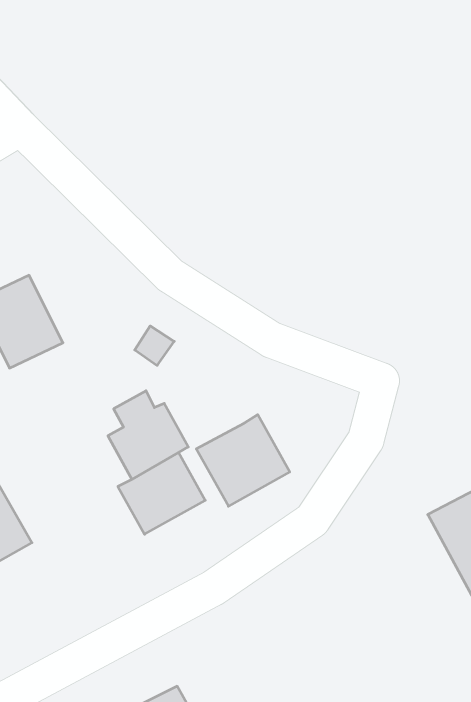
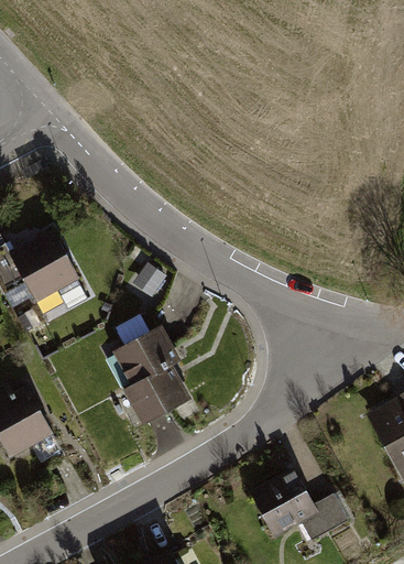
building: [196,415,290,506] -> none
building: none -> [251,469,349,541]

